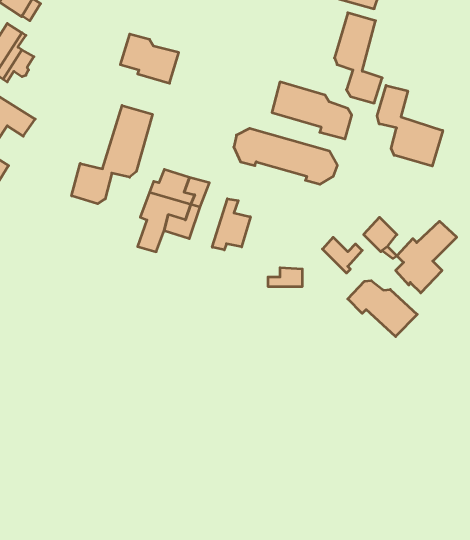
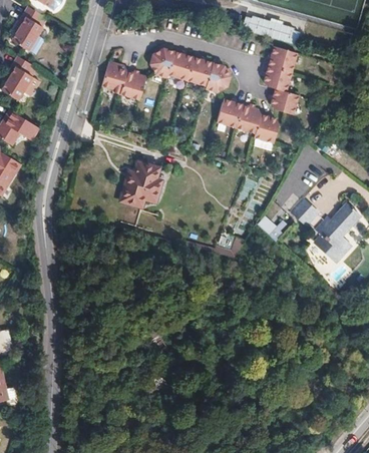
building: [377,85,443,166] -> none
building: [72,105,152,204] -> none
building: [234,128,337,184] -> [151,49,230,91]
building: [212,199,250,250] -> none
building: [348,281,417,337] -> none

